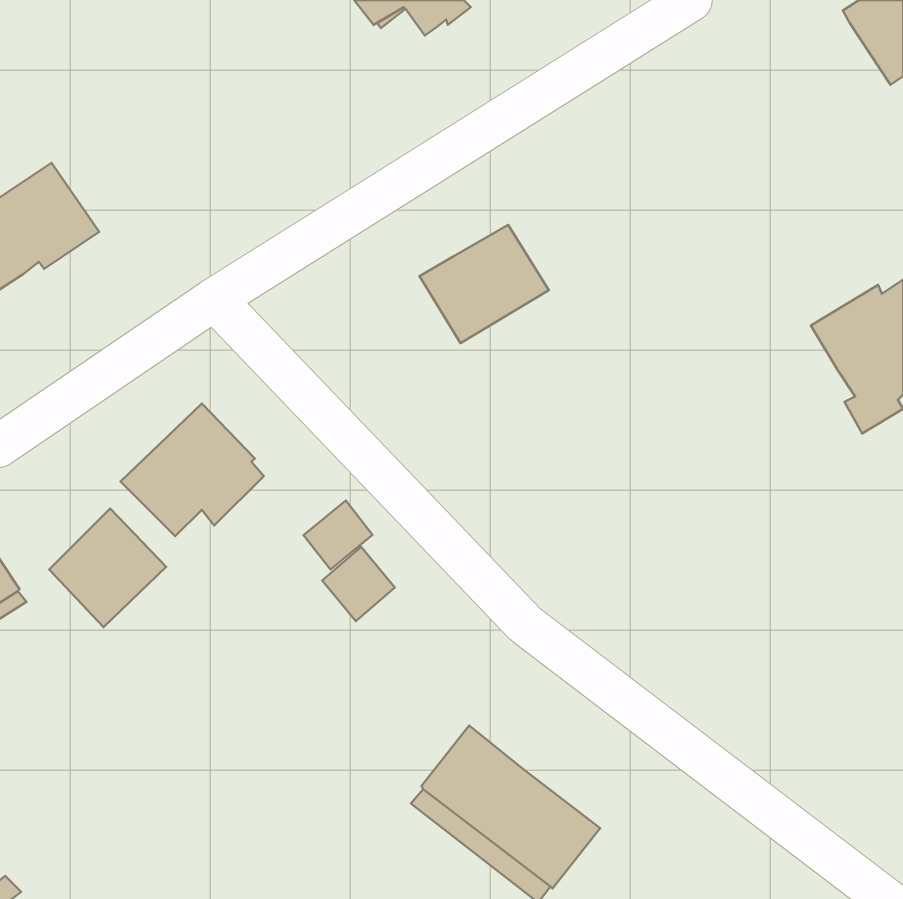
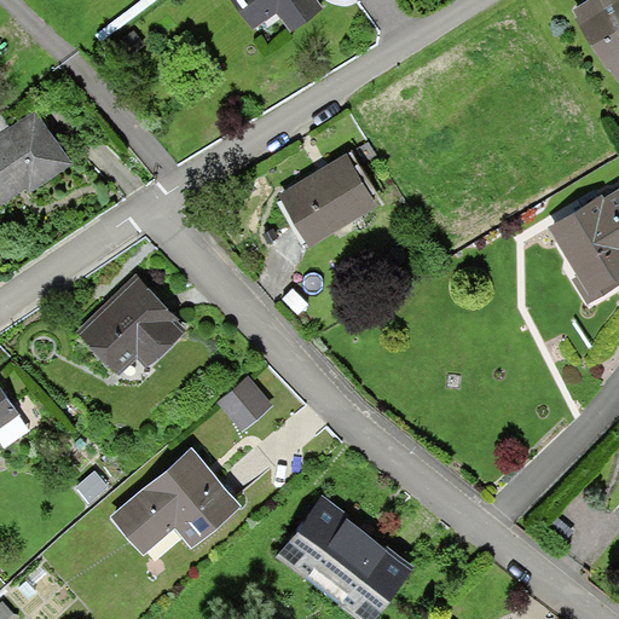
building: [304,500,373,570] -> none
building: [49,508,166,627] -> none
building: none -> [116,455,237,549]

